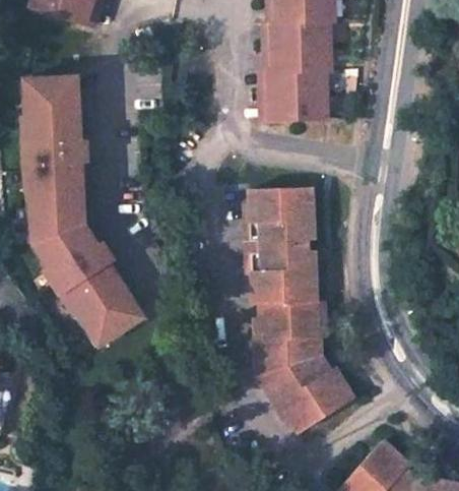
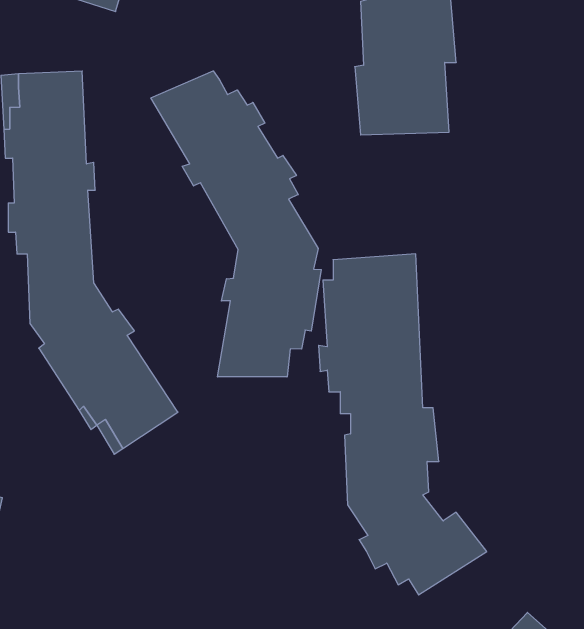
building: none -> [151,71,321,377]

